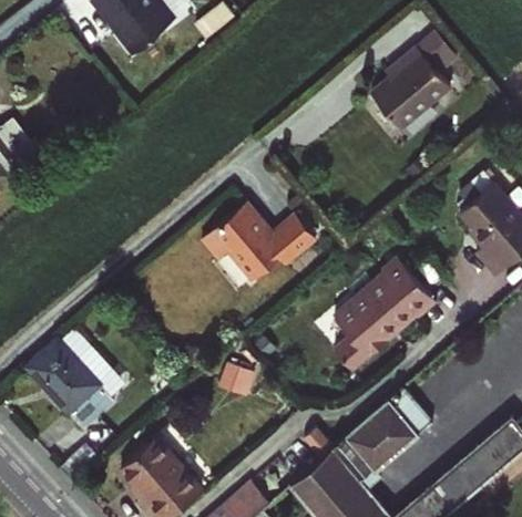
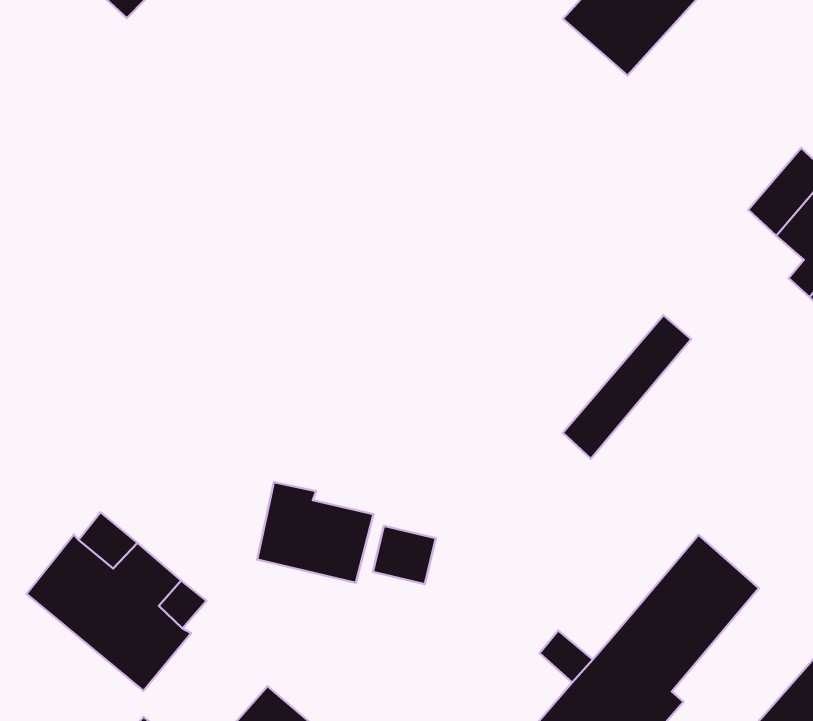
building: [196,193,311,271] -> none
building: [337,280,431,373] -> none
building: none -> [257,482,373,583]

